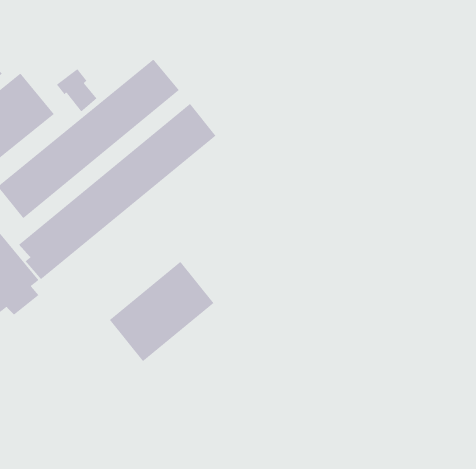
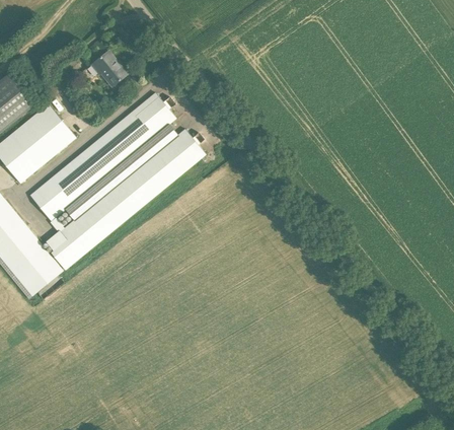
building: [56,68,98,112] -> [90,51,124,86]
building: [109,261,215,362] -> none

